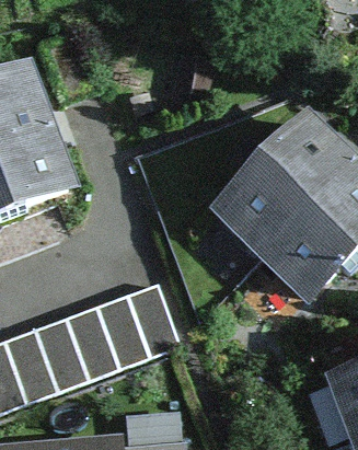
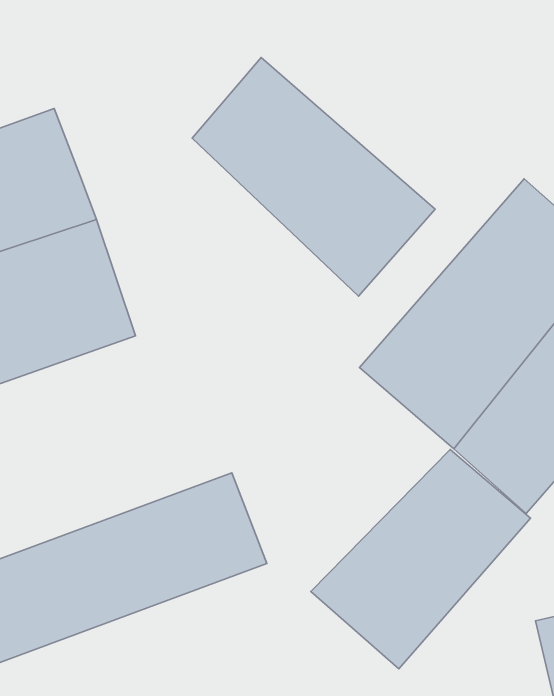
building: none -> [192,57,435,296]
building: none -> [311,450,531,669]

